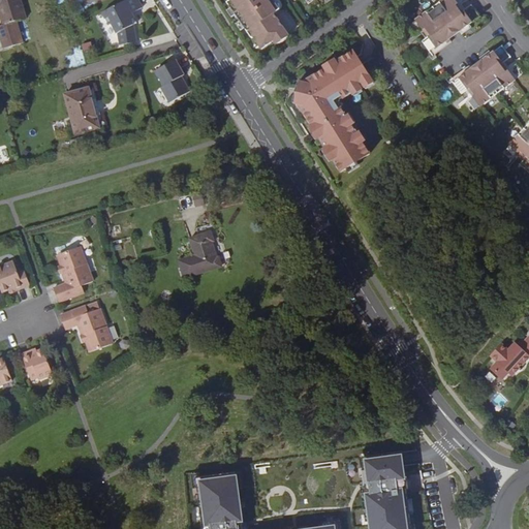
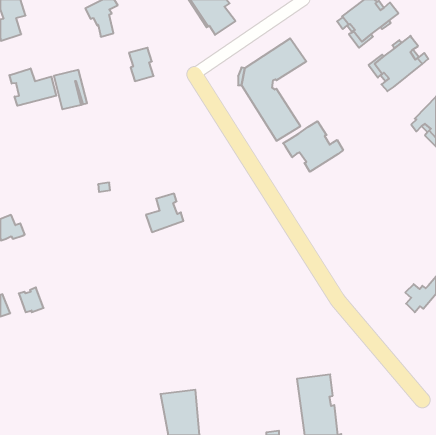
building: none -> [9,68,56,106]
building: none -> [283,121,343,172]
building: [54,246,93,302] -> none
building: [60,305,112,350] -> none

